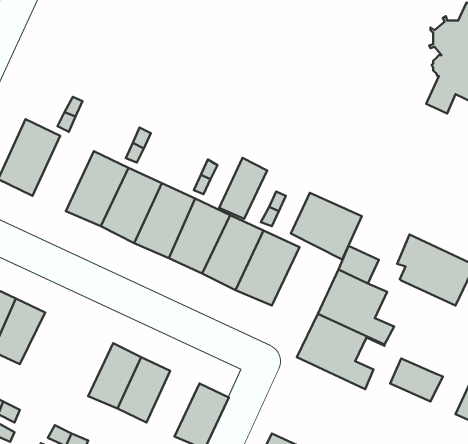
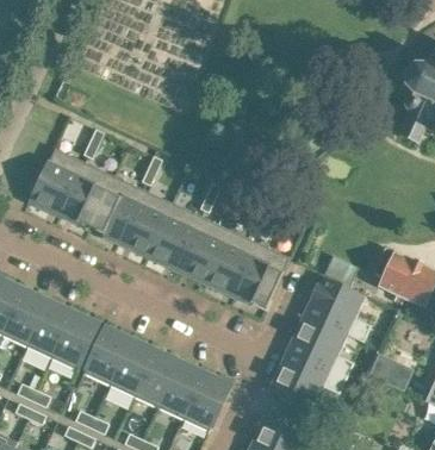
building: none -> [61,162,113,226]
building: [219,158,267,219] -> none
building: [291,193,362,259] -> none
building: none -> [50,313,97,371]
building: none -> [82,327,130,385]
building: none -> [269,351,346,410]
building: none -> [159,363,204,419]

